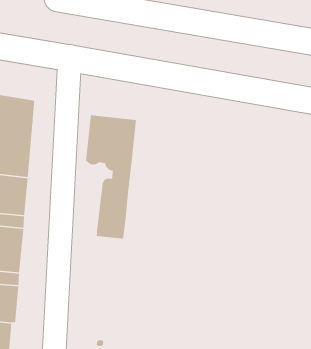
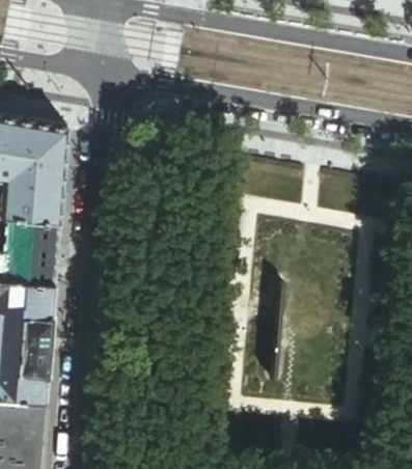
building: [85,114,137,240] -> none

